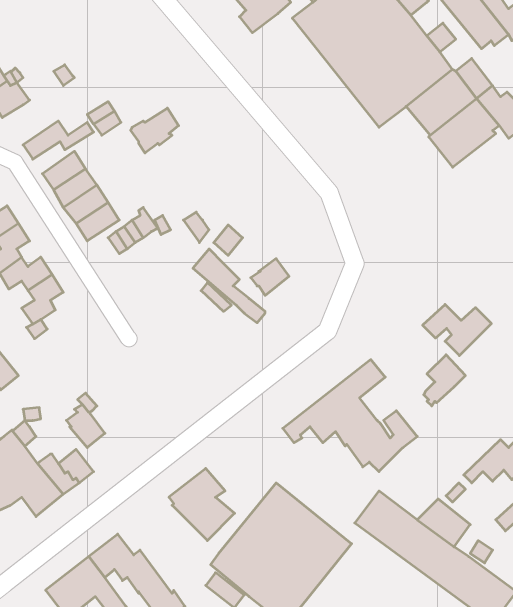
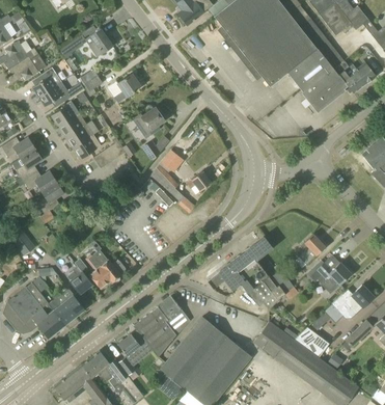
building: none -> [84,29,112,57]
building: none -> [32,68,61,98]
building: none -> [133,108,164,137]
building: [423,304,491,356] -> [306,261,351,294]
building: none -> [88,242,125,288]
building: none -> [157,296,190,336]
building: none -> [114,331,158,388]

